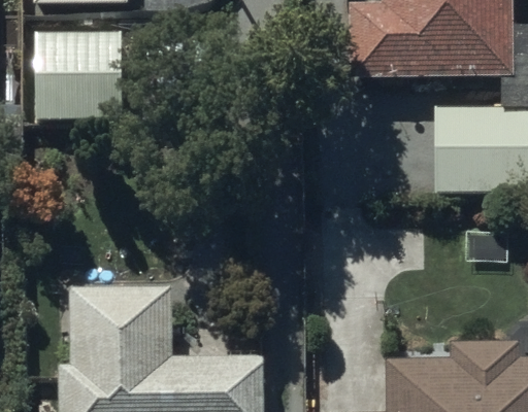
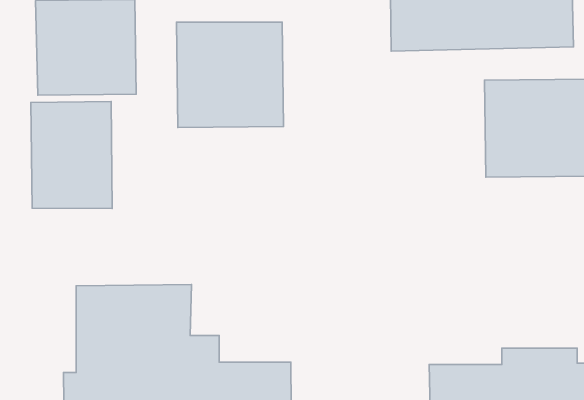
building: none -> [177,22,283,128]
building: none -> [31,102,112,209]

